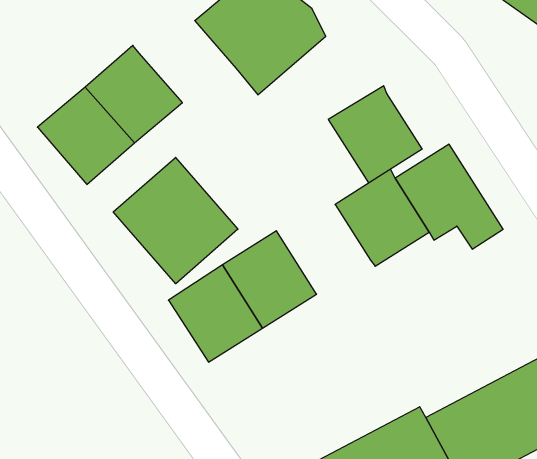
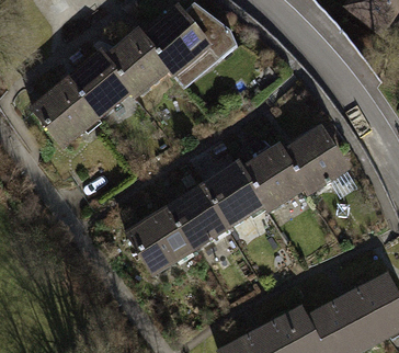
building: none -> [103,27,172,96]
building: [328,86,422,183] -> [201,158,267,227]
building: [113,157,238,284] -> none

